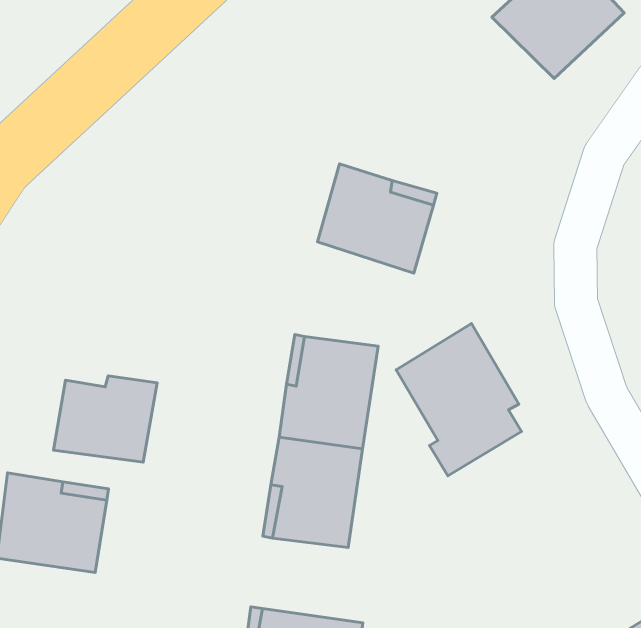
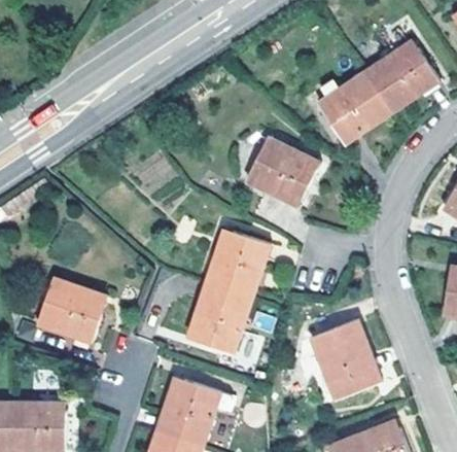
building: none -> [317,71,394,144]
building: [396,324,522,476] -> [312,318,377,401]
building: [54,376,157,462] -> none

